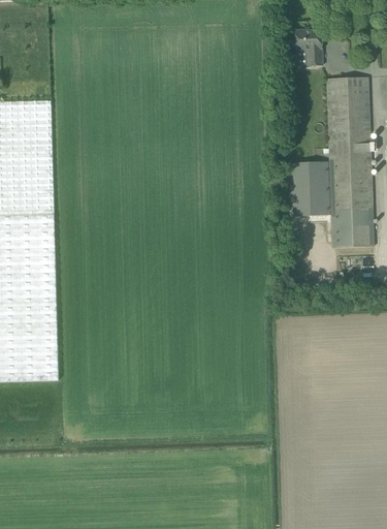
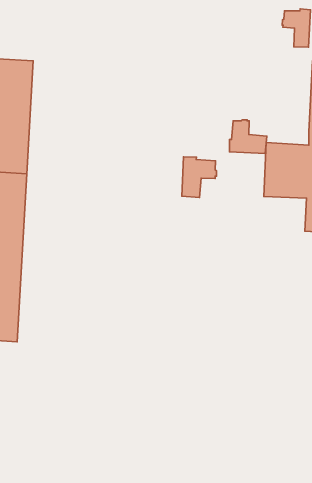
building: none -> [229,120,267,153]
building: none -> [182,157,217,198]

